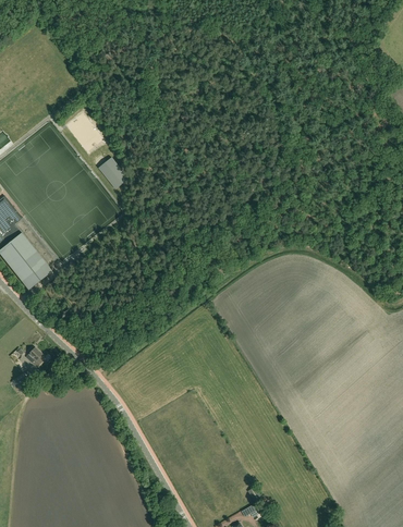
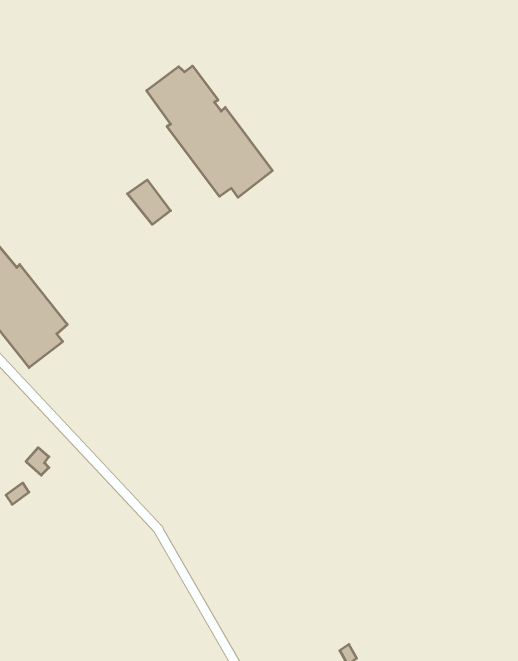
building: none -> [147,66,272,197]

